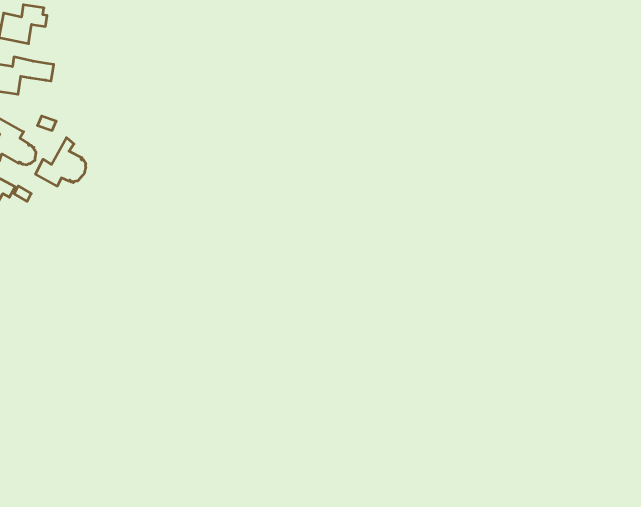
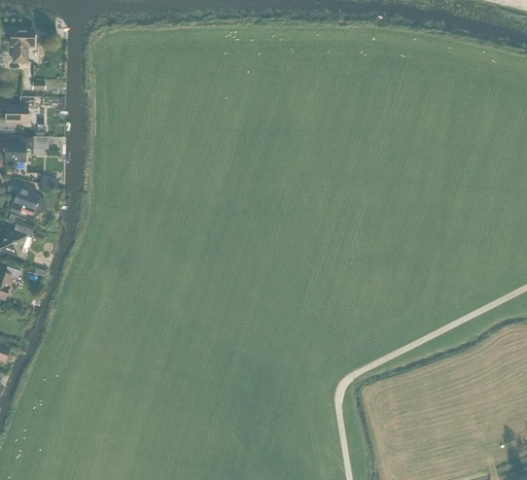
building: [36,138,86,186] -> none

